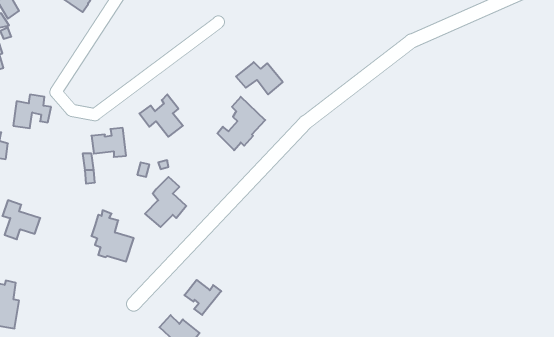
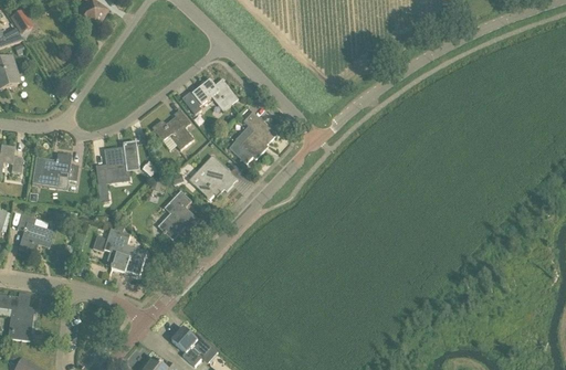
building: [236,62,283,94] -> [191,78,238,110]
building: [13,95,51,128] -> [40,152,77,186]
building: none -> [189,155,237,199]
building: [184,280,221,315] -> none

